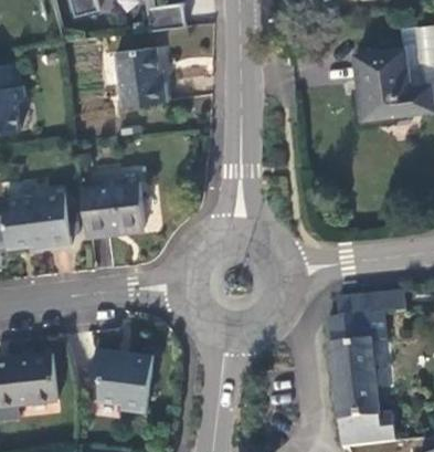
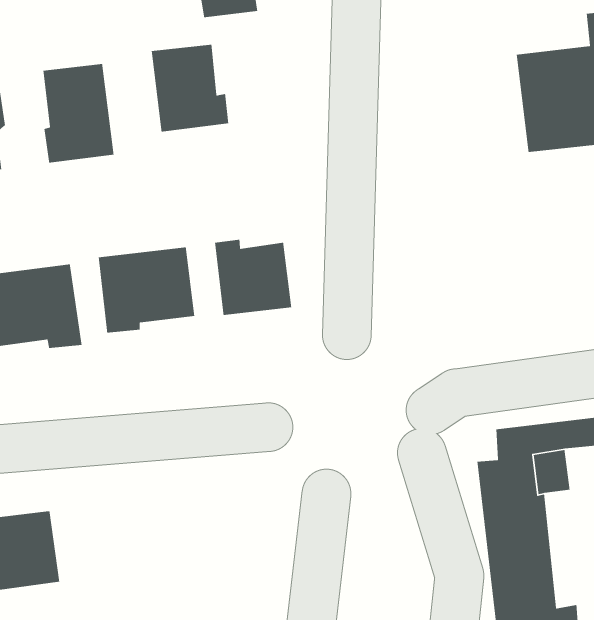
building: none -> [43,63,114,164]
building: none -> [214,239,292,316]
building: [94,347,152,410] -> none

